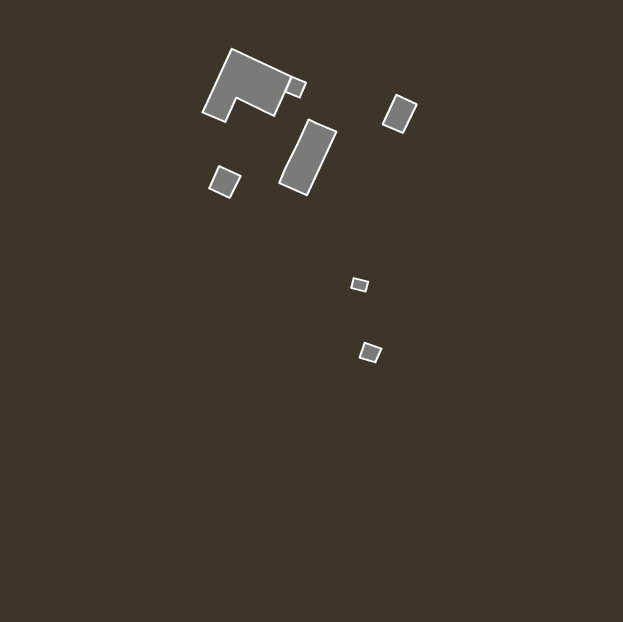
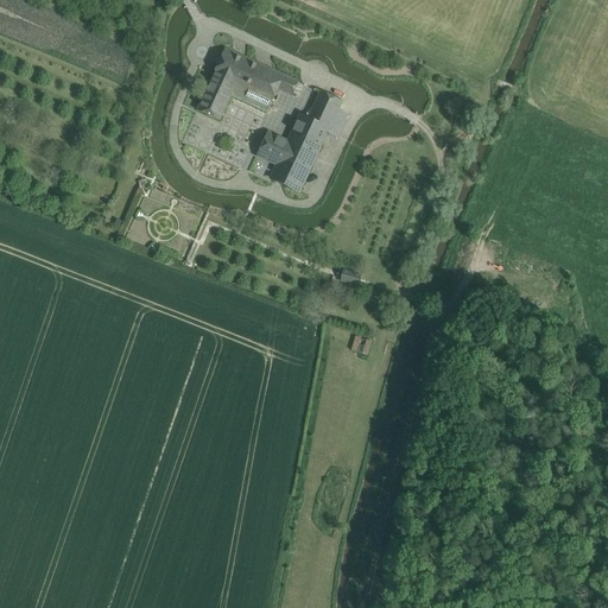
building: [383,95,417,133] -> [308,91,341,128]
building: [209,166,241,198] -> [258,133,289,164]

